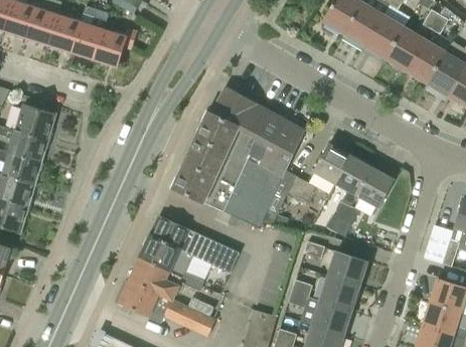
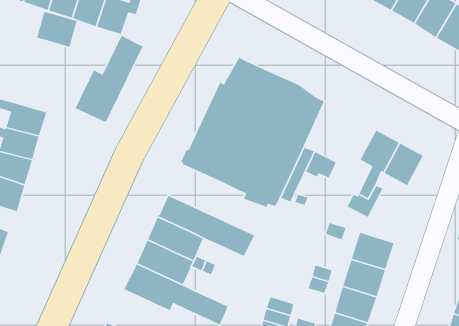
building: none -> [74,35,144,123]
building: [16,105,54,139] -> [36,11,78,48]
building: [314,144,351,183] -> none

